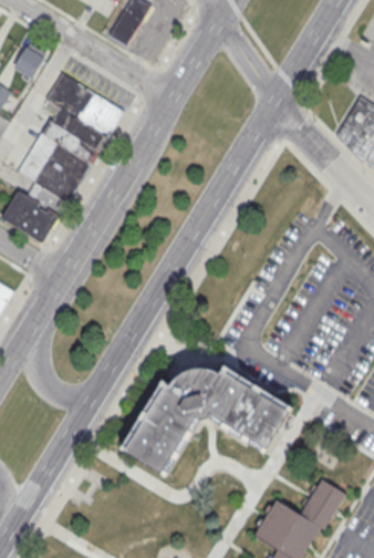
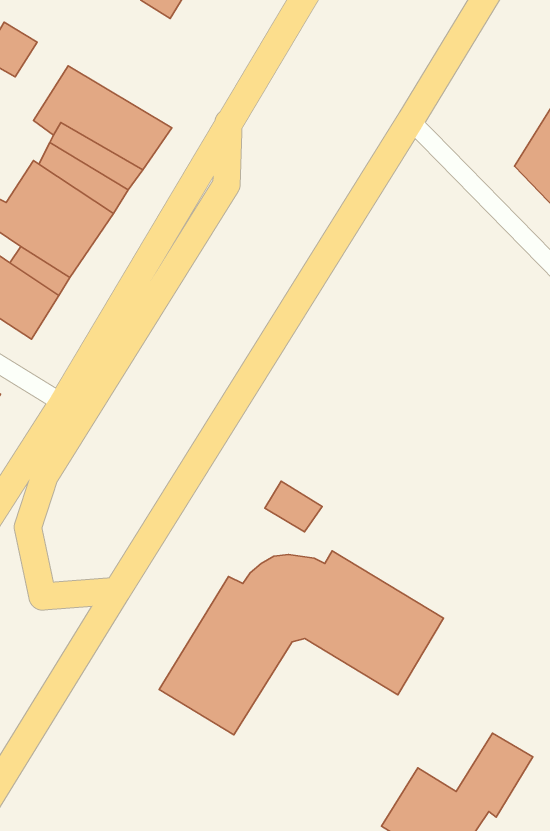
building: none -> [265,481,322,532]

